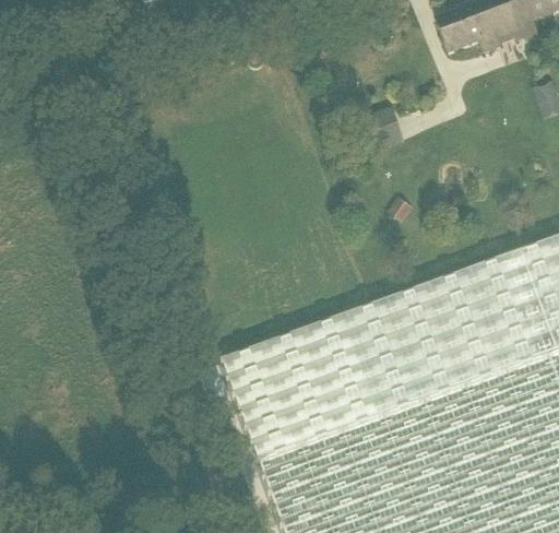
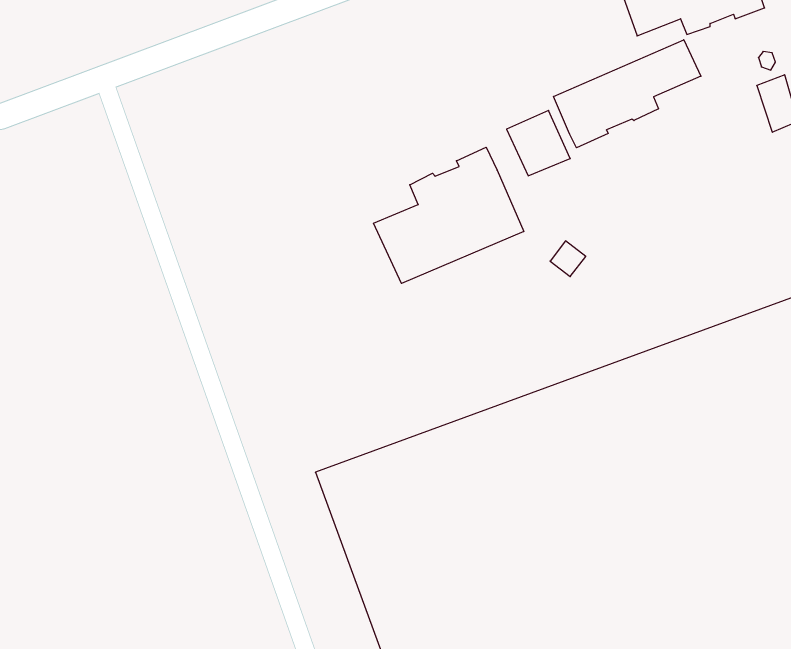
building: none -> [554,40,701,148]
building: none -> [374,147,524,283]

